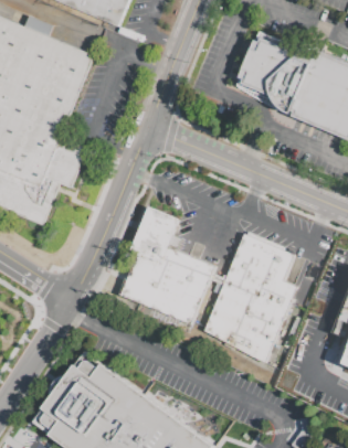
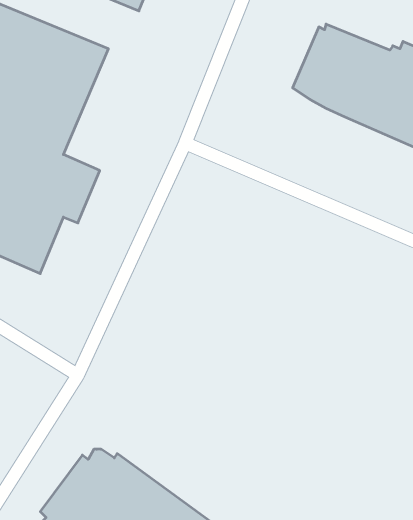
building: [120,205,215,323] -> none
building: [203,232,296,362] -> none

